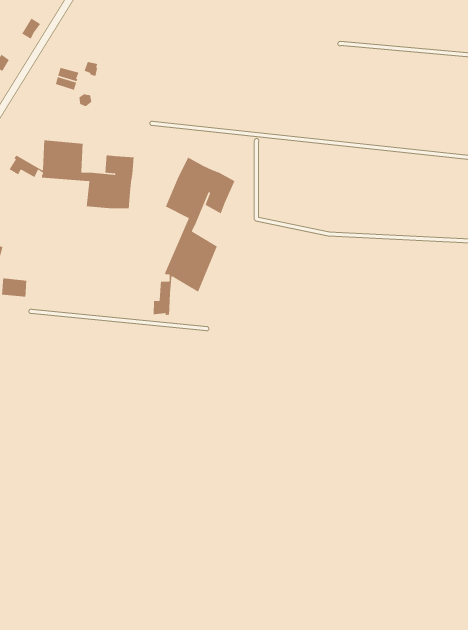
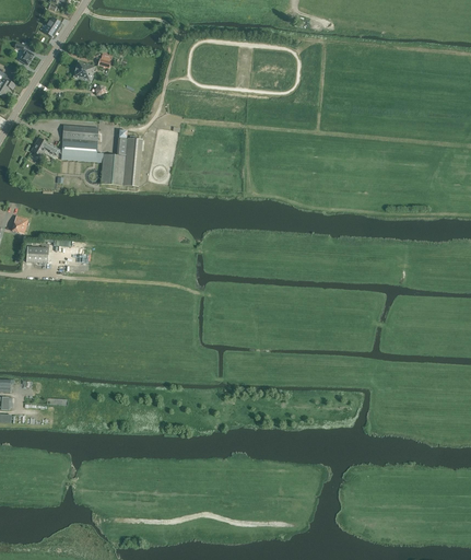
building: [153,157,235,316] -> none

